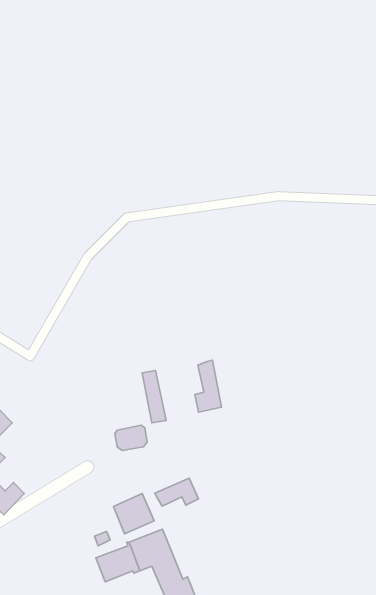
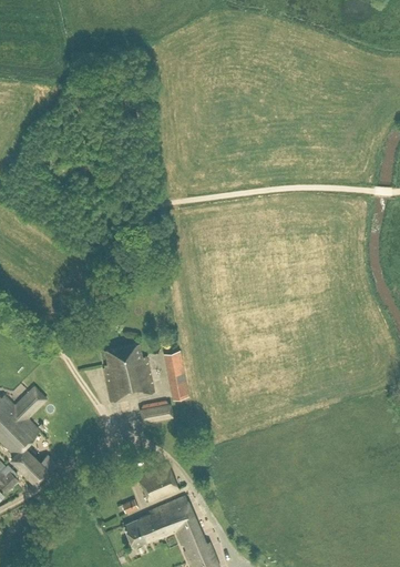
building: [195,360,221,412] -> none
building: none -> [103,343,153,401]
building: [155,478,199,506] -> none

